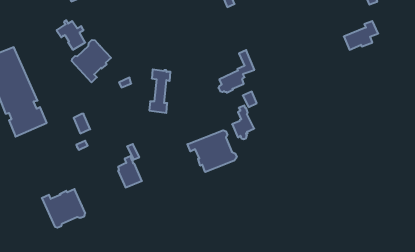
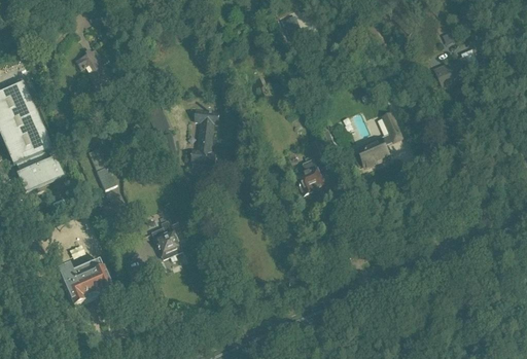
building: [72,40,111,82] -> none
building: [218,50,254,93] -> [357,112,402,166]
building: [187,130,237,172] -> none

